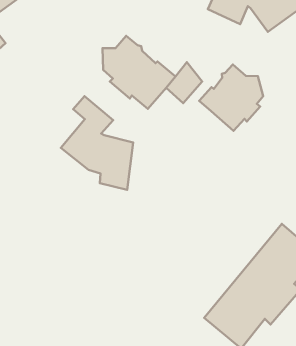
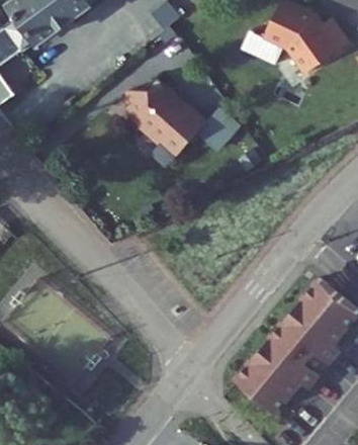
building: [199,64,263,131] -> none
building: [61,96,133,190] -> none

